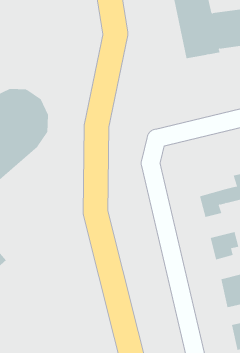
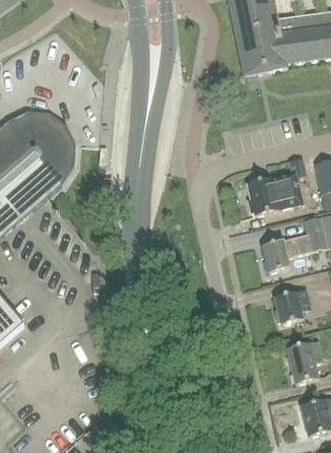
building: none -> [247,158,306,215]

